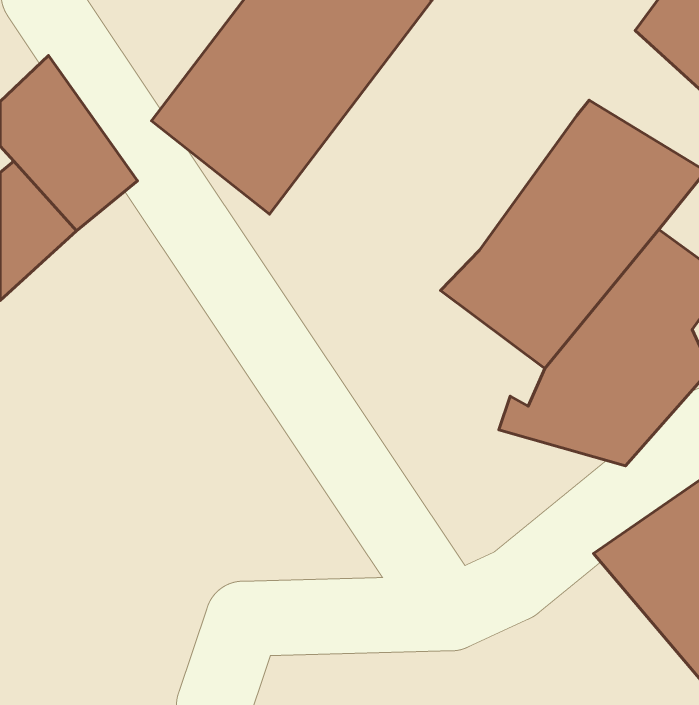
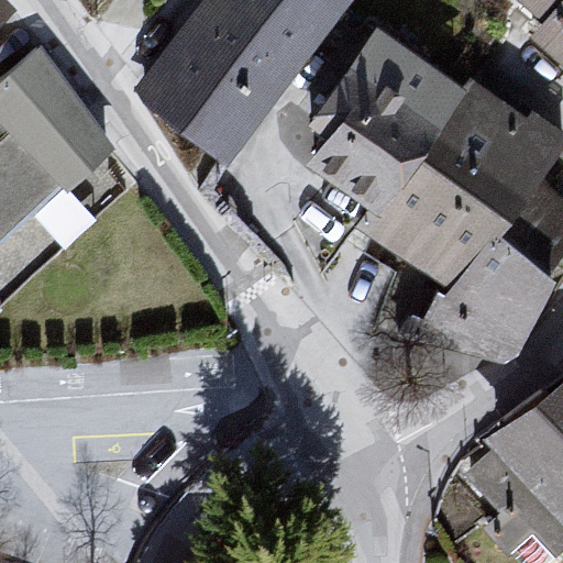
building: none -> [309,35,465,198]

